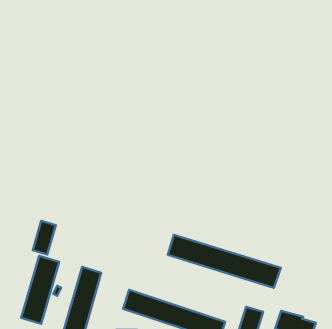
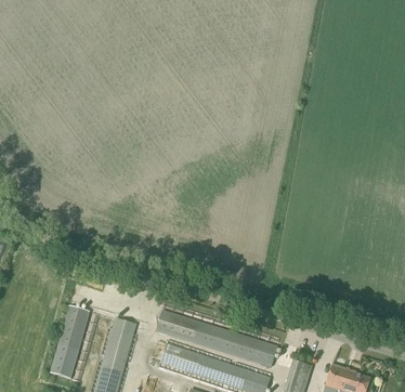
building: [33,221,56,254] -> none
building: [168,235,281,288] -> [155,310,277,367]

